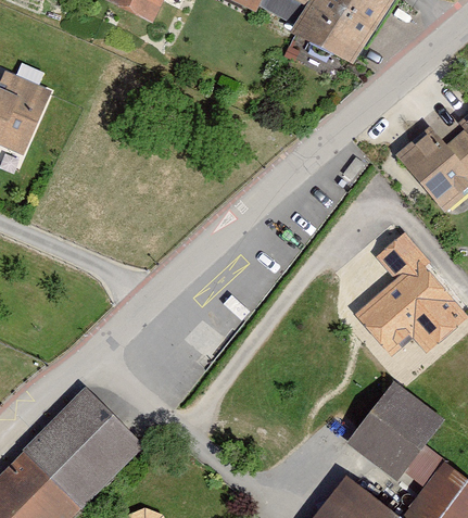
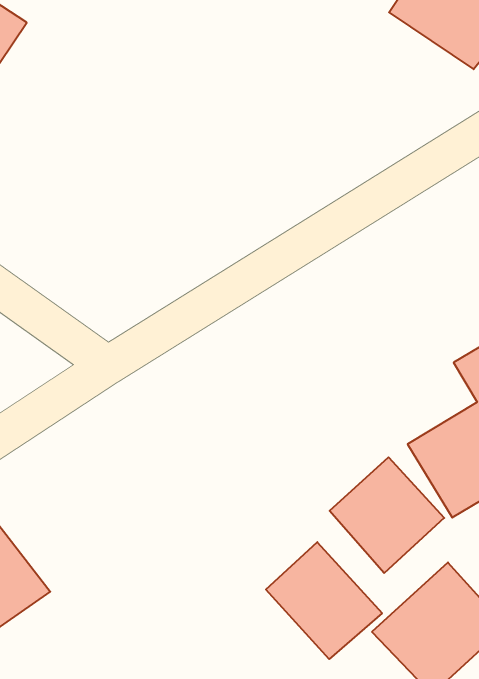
building: none -> [330,457,444,573]
building: none -> [266,542,382,659]

